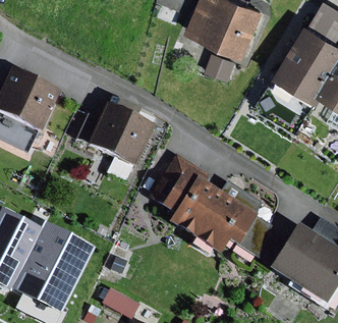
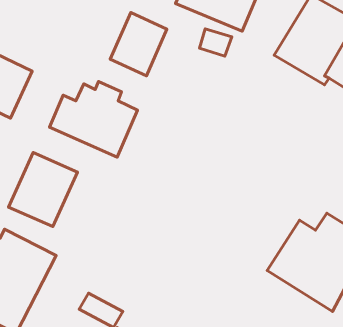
building: none -> [110,12,167,76]
building: [149,151,272,257] -> none
building: none -> [9,153,78,227]

